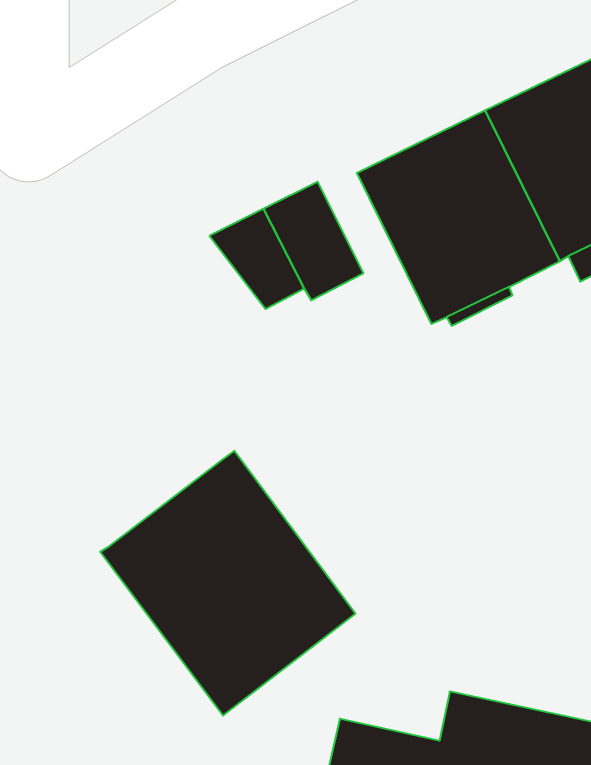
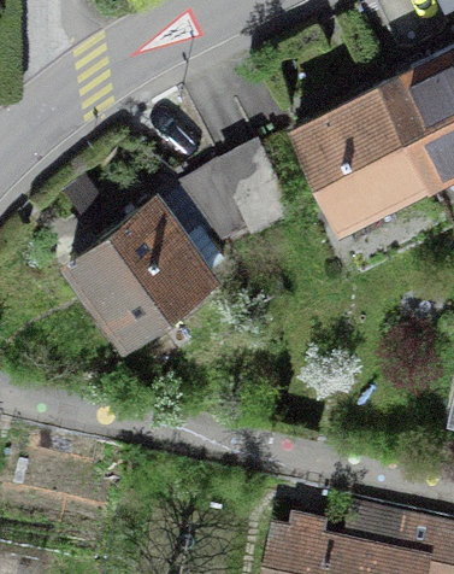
building: none -> [69,195,222,335]
building: [100,451,355,716] -> none

